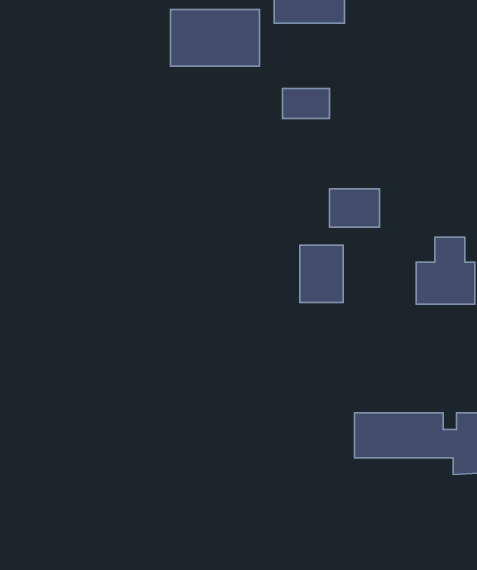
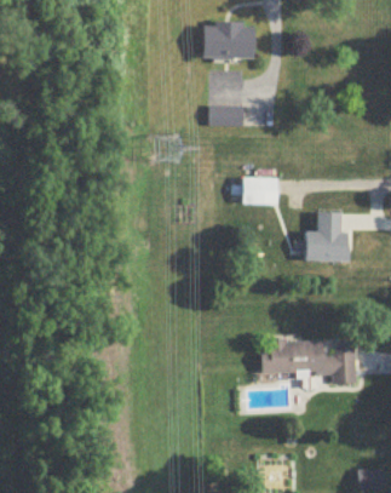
building: [171,9,259,66] -> none
building: [300,245,343,302] -> none

